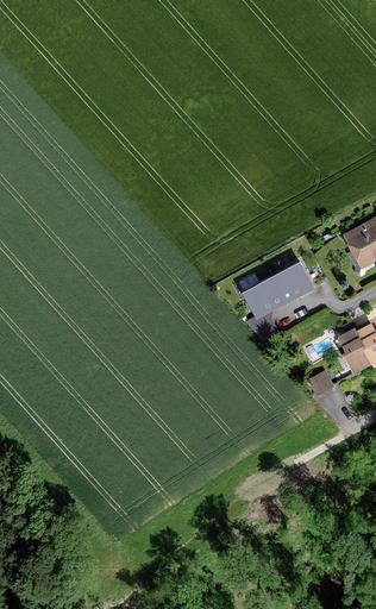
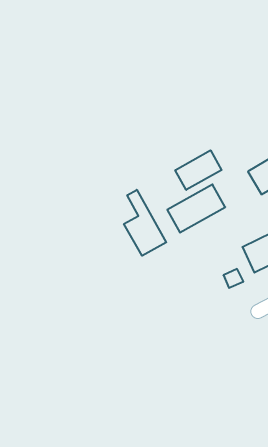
building: none -> [175,150,222,190]
building: none -> [124,190,166,256]

